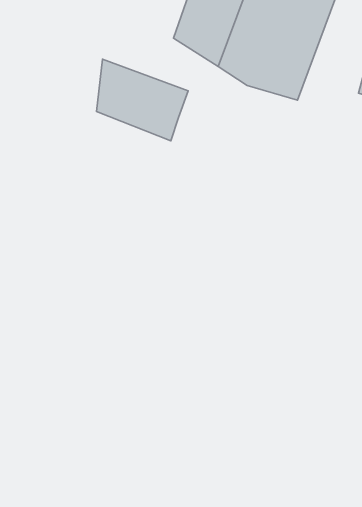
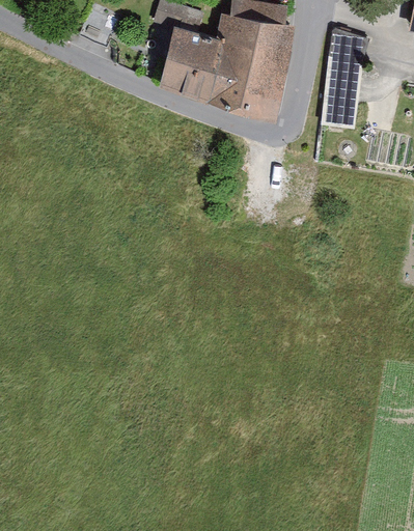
building: [97,59,188,141] -> none

